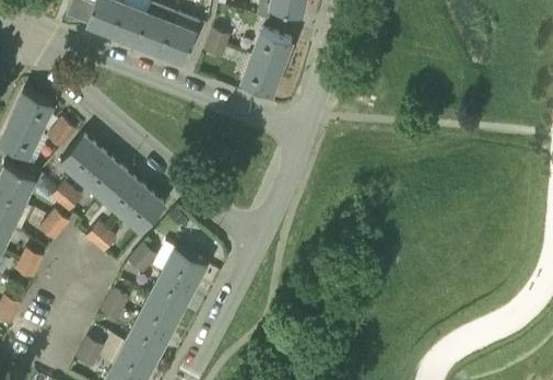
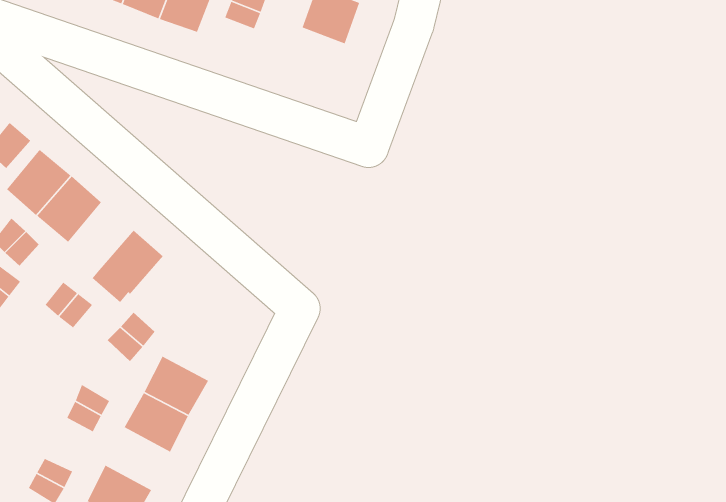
building: [243,57,282,94] -> none
building: [102,171,144,215] -> none
building: [163,247,205,287] -> none
building: [126,318,168,358] -> none

